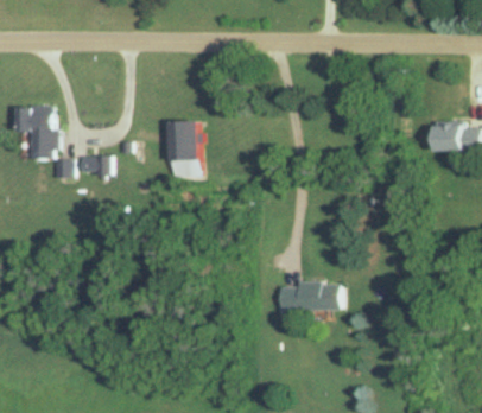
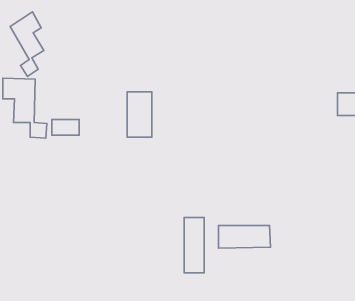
building: none -> [10,12,44,77]
building: none -> [184,217,204,273]

